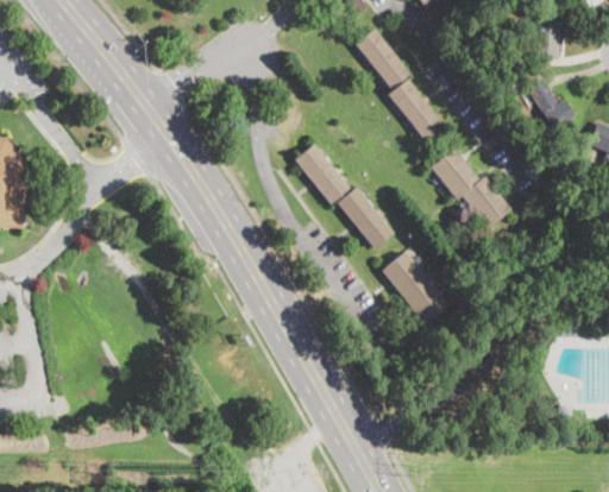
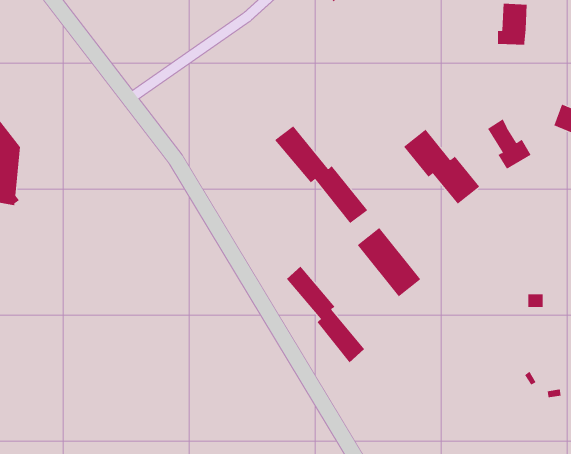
building: [354,27,444,140] -> none
building: [527,77,573,131] -> [487,119,531,169]
building: none -> [286,266,365,363]

